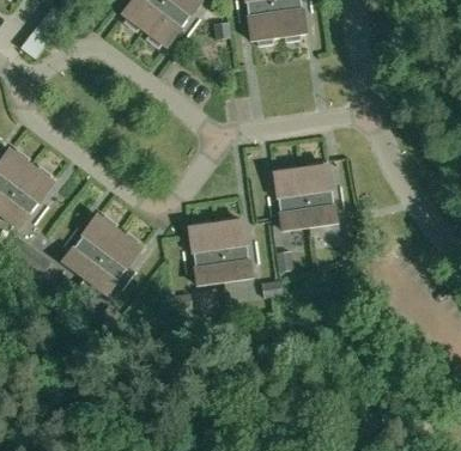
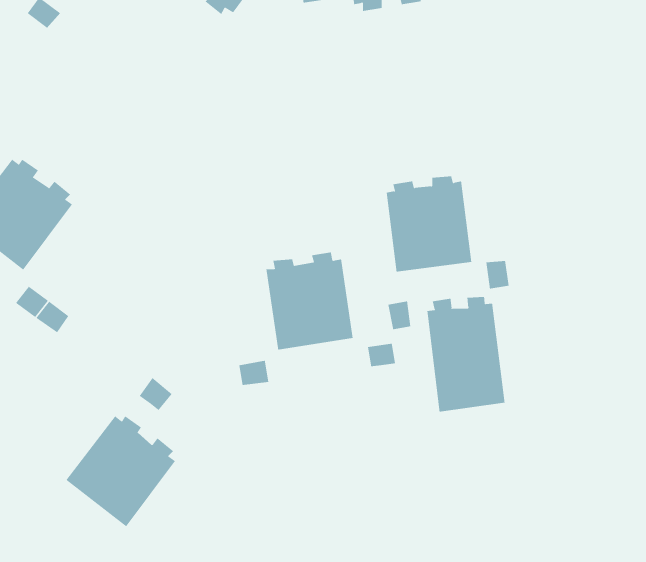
building: [62,215,140,294] -> [66,416,176,527]
building: none -> [427,296,505,412]

